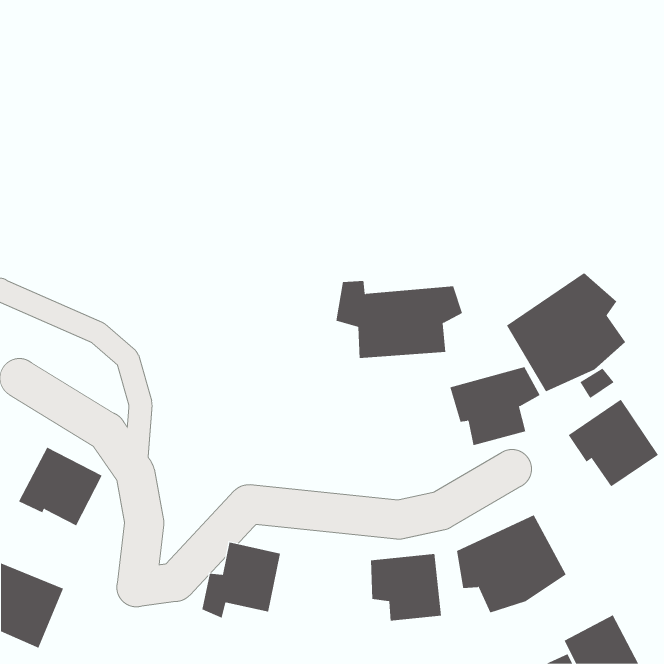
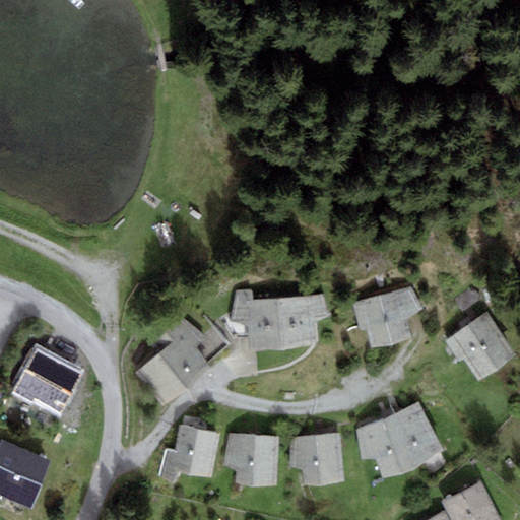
building: [506,272,626,392] -> none
building: [336,281,463,359] -> [230,289,329,350]
building: none -> [134,316,210,407]
building: none -> [222,434,278,485]

